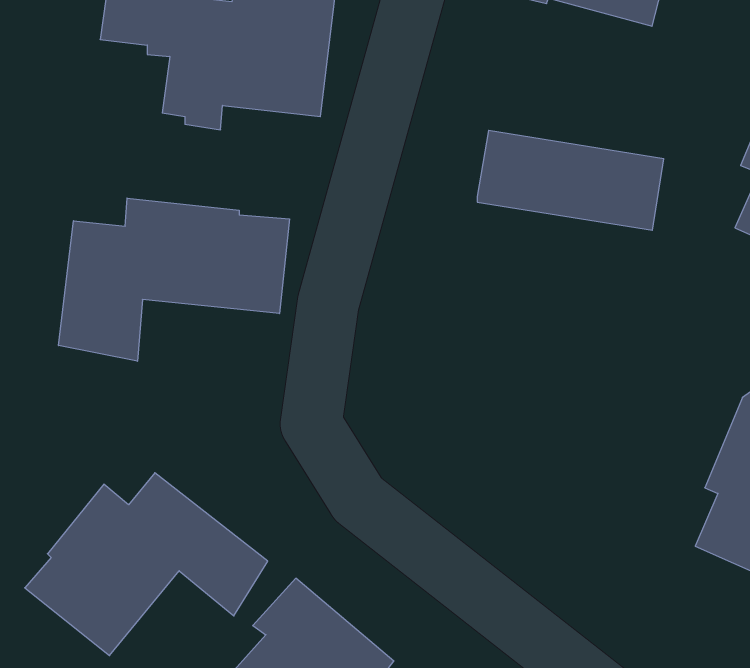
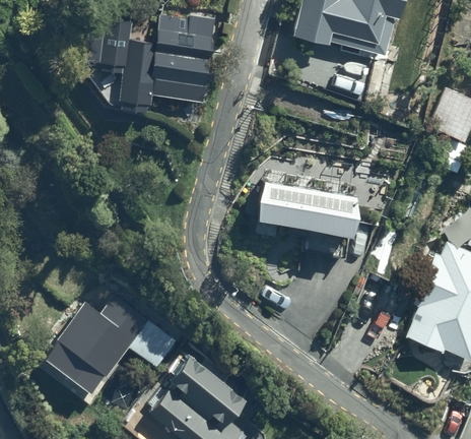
building: [477,130,664,230] -> [256,178,356,232]
building: [59,198,289,361] -> none

